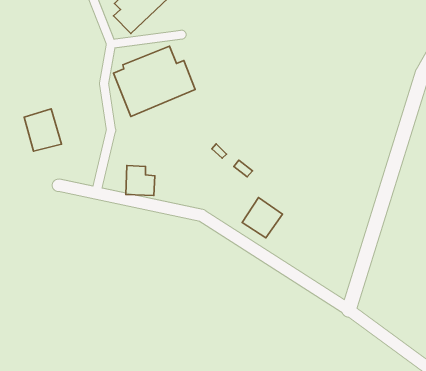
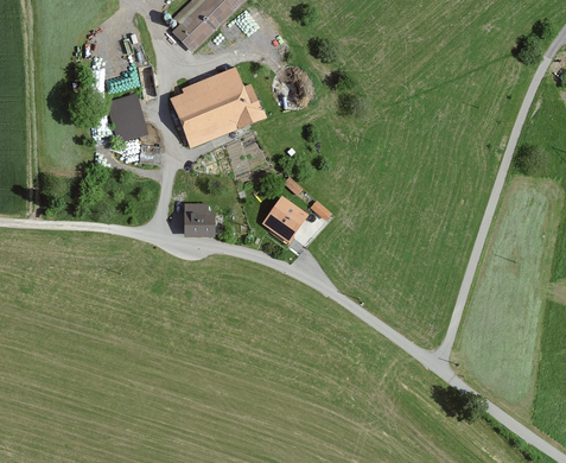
building: [24,109,62,151] -> [106,93,148,141]
building: [242,197,282,238] -> [262,197,309,243]

